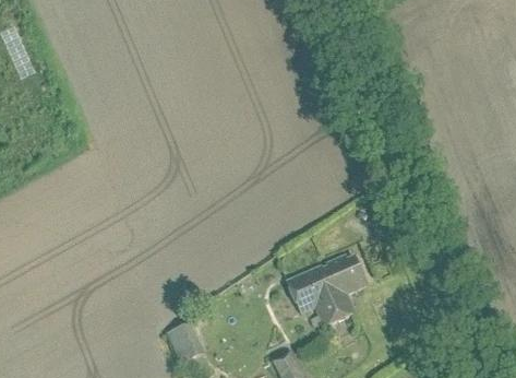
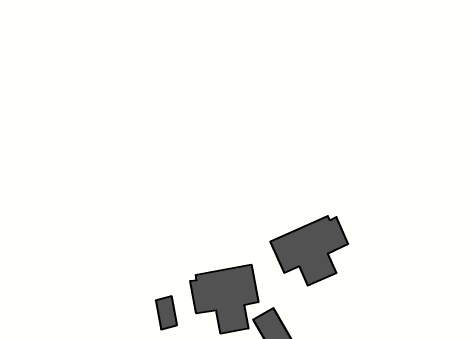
building: none -> [190,265,258,334]

